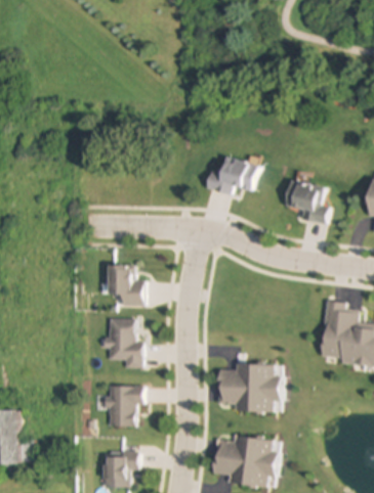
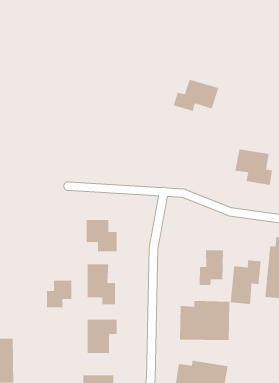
building: [206,156,261,195] -> [173,79,219,112]
building: none -> [199,250,224,286]
building: none -> [230,259,261,305]
building: none -> [47,280,72,308]

